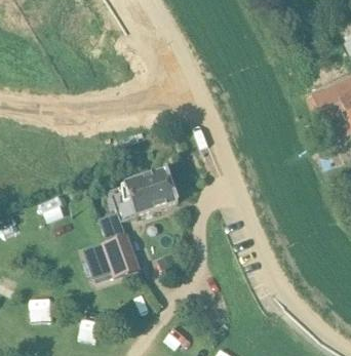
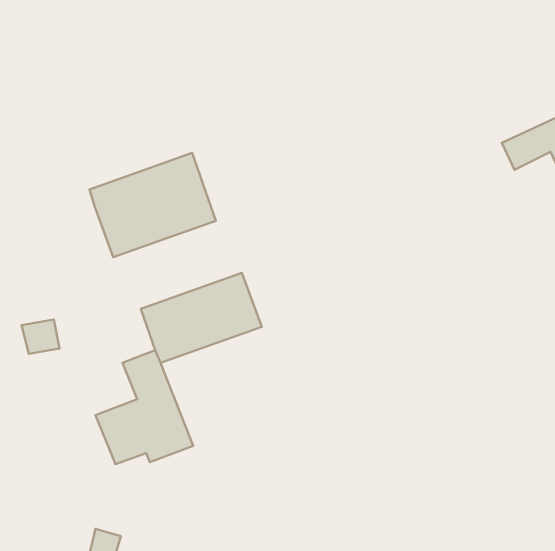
building: none -> [89,153,216,257]

